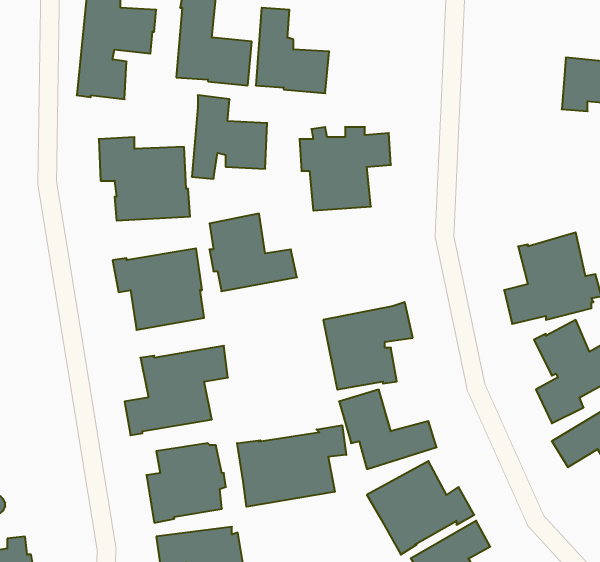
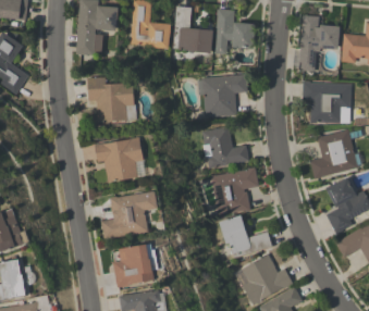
building: none -> [297,13,341,71]
building: [192,95,267,179] -> [213,8,255,53]
building: none -> [302,80,352,122]
building: [209,214,297,291] -> [201,125,249,167]
building: [237,425,346,507] -> none

